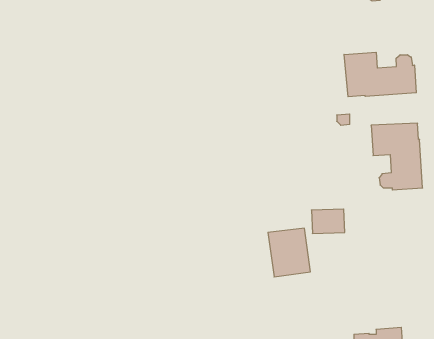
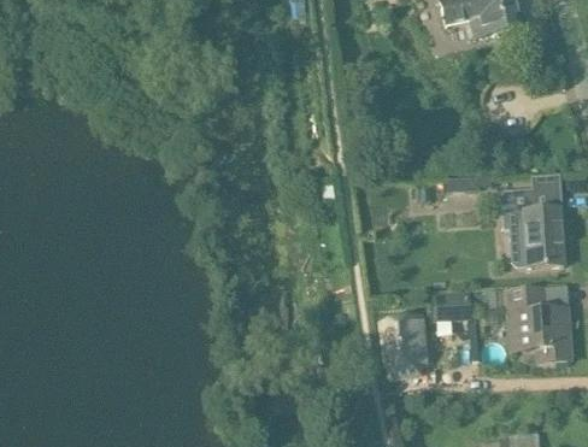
building: [344,52,416,97] -> none
building: none -> [506,286,571,360]

